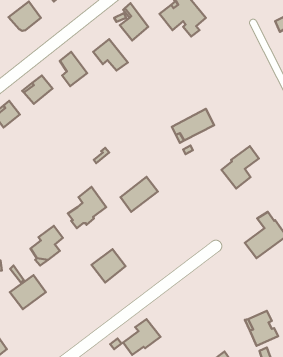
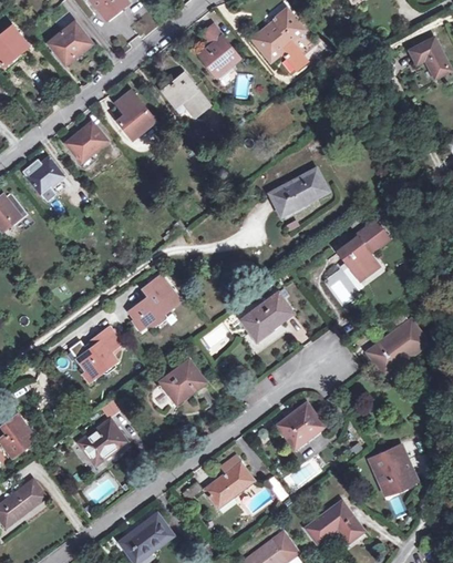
building: [121,177,158,212] -> [241,293,292,340]
building: [10,275,46,309] -> [78,419,126,465]
building: none -> [278,403,321,446]

